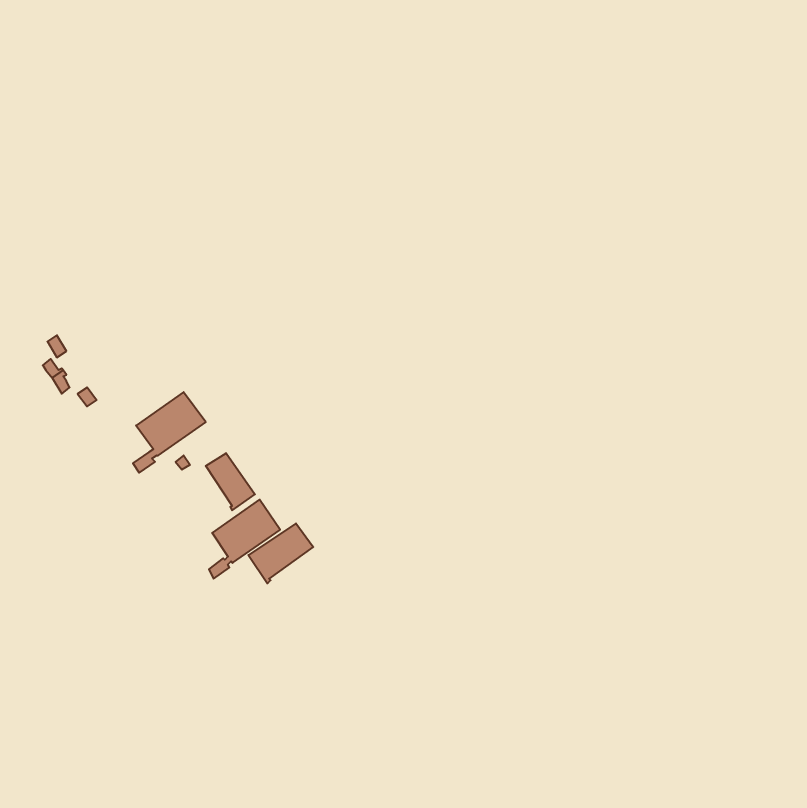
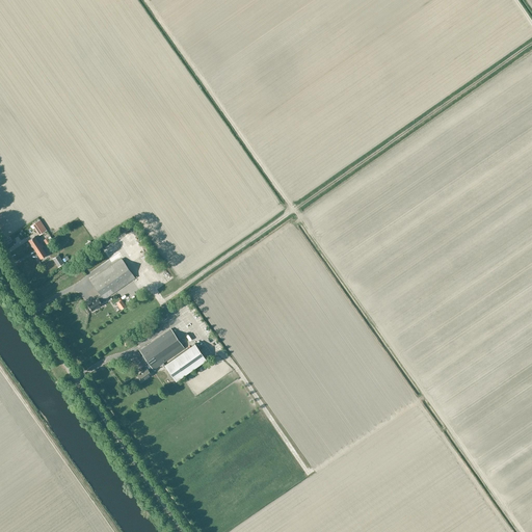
building: [206,453,255,510] -> none

